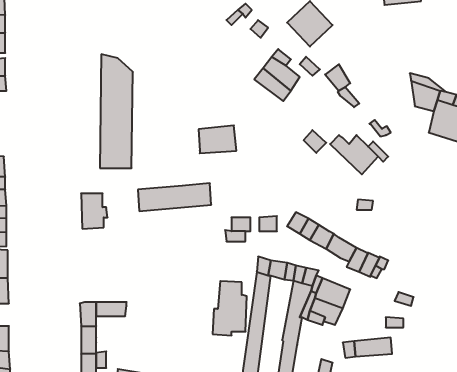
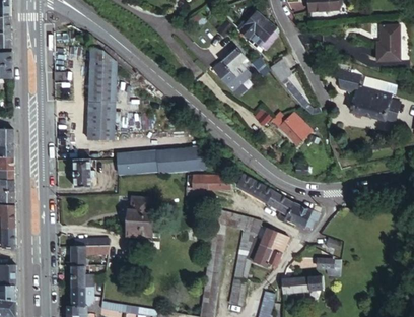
building: [199,125,236,153] -> [176,148,206,171]
building: [213,281,247,335] -> [126,196,153,240]

